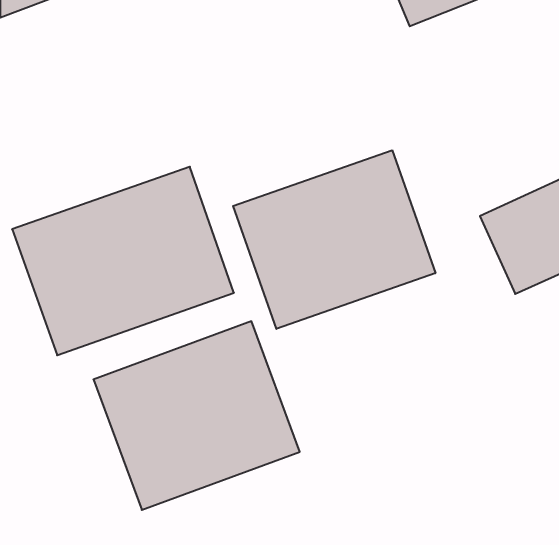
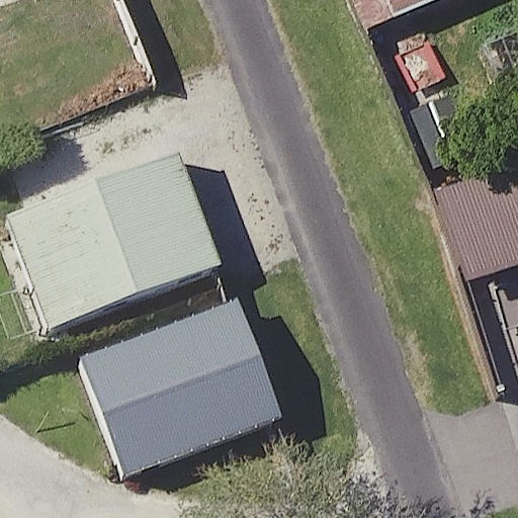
building: [233,150,435,329] -> none

